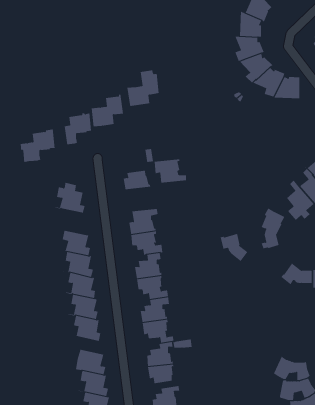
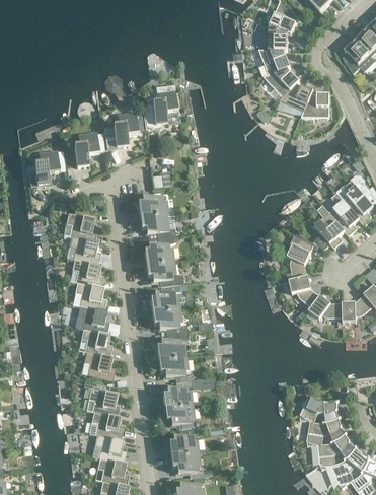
building: [154,159,187,183] -> [140,212,175,238]
building: none -> [67,235,100,264]
building: [220,233,248,262] -> [289,275,319,306]

